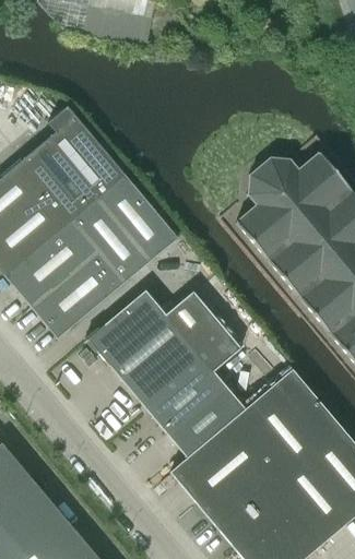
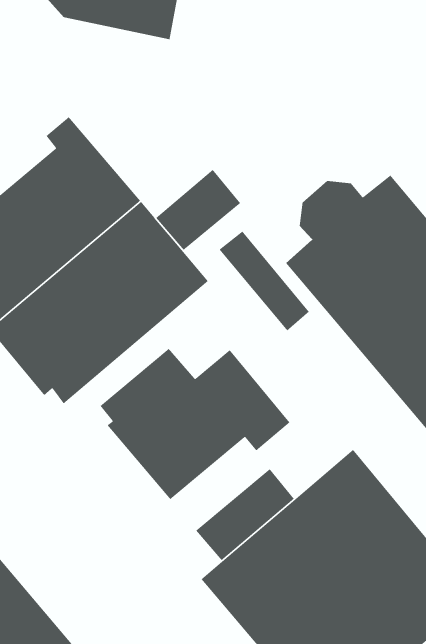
building: none -> [155,169,241,251]
building: none -> [218,230,310,331]
building: [147,360,226,433] -> none

